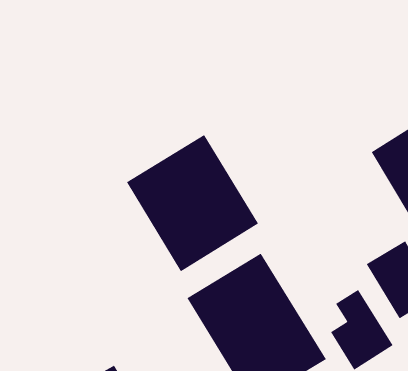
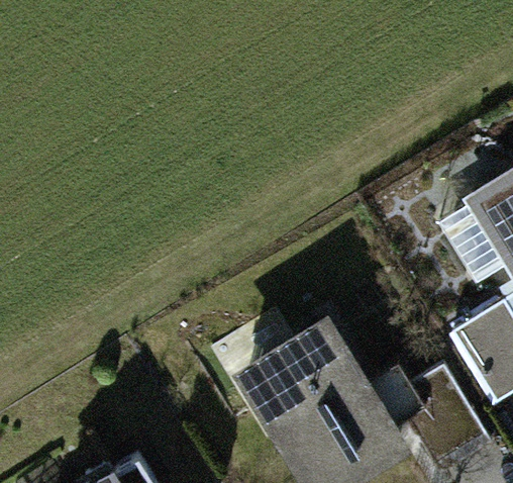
building: [126,134,259,272] -> none

